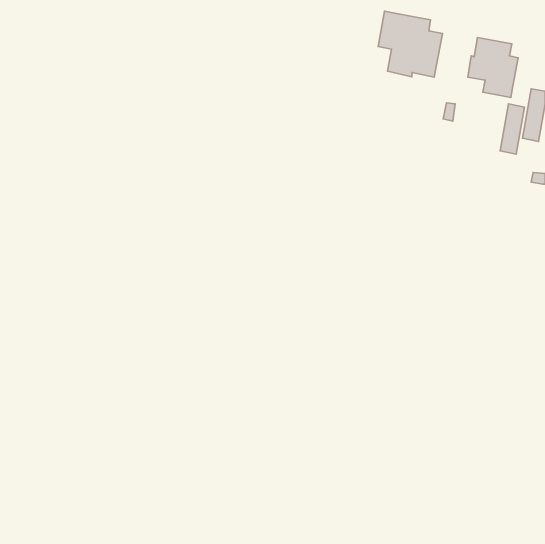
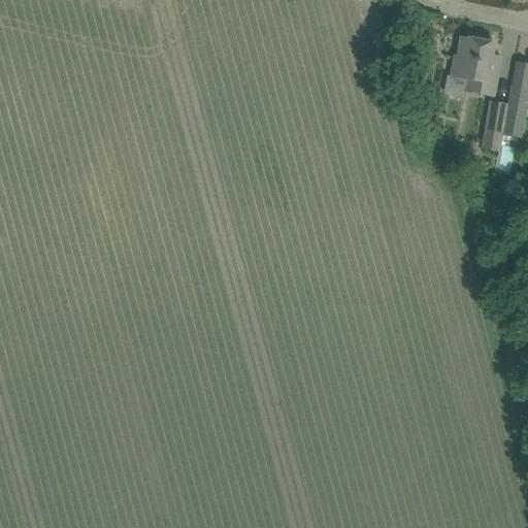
building: [378,11,442,77] -> none

